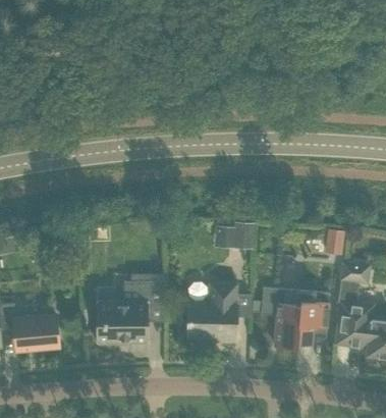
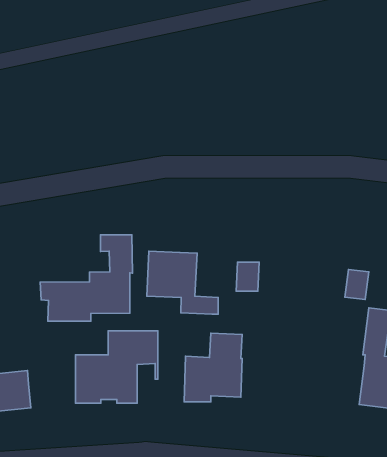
building: none -> [40,235,132,321]
building: none -> [147,251,218,314]
building: [264,288,329,349] -> none

